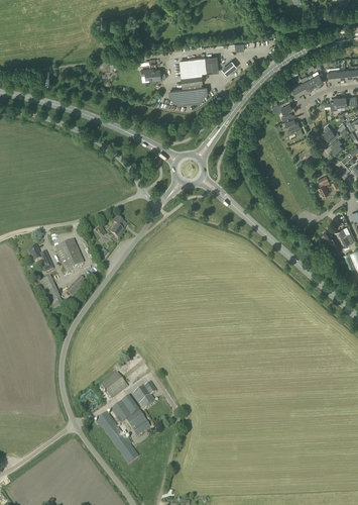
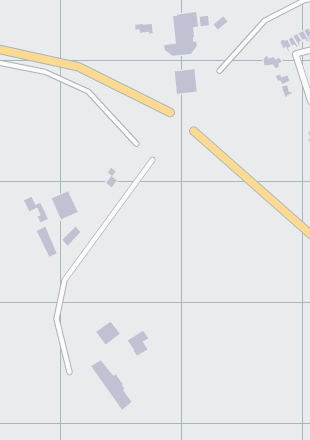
building: none -> [174,69,197,94]
building: [111,397,150,436] -> none

